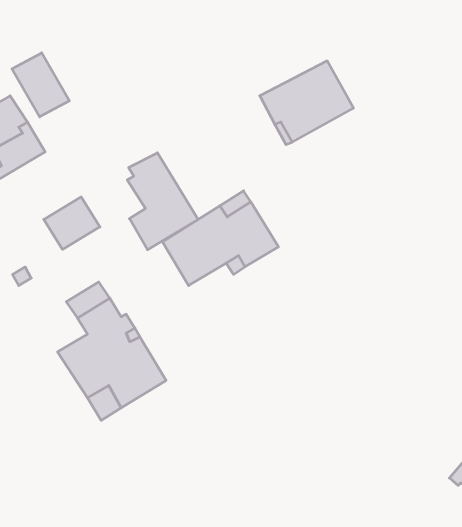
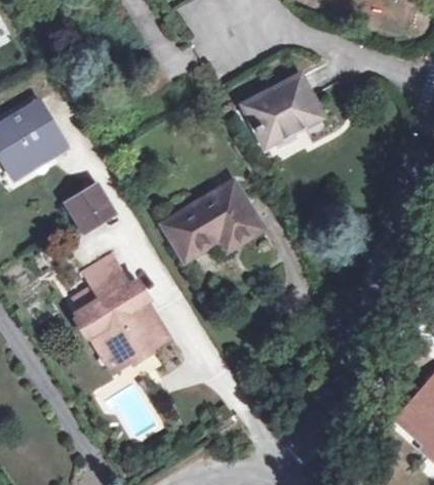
building: [12,53,69,117] -> none
building: [127,153,198,250] -> none

